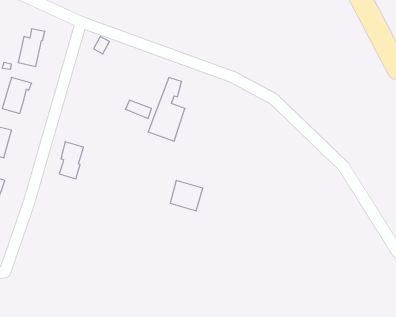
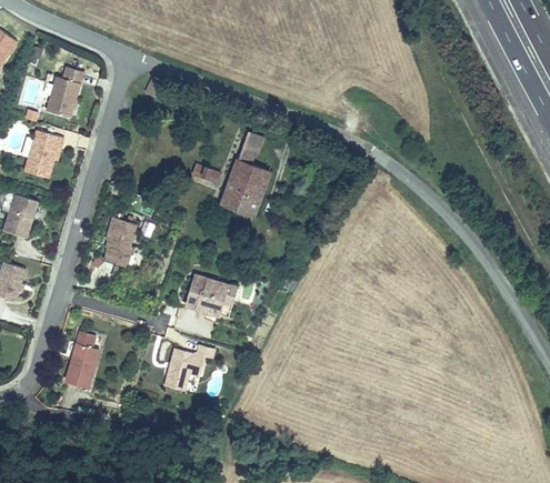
building: [170,181,203,211] -> [183,270,227,310]
building: none -> [66,328,100,383]
building: none -> [164,340,212,385]

